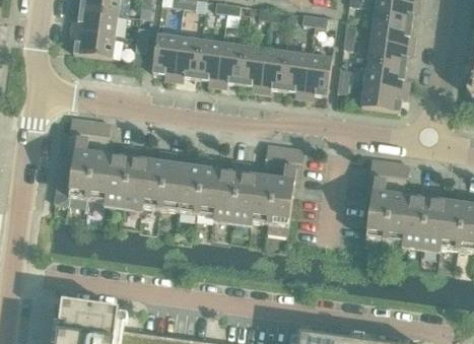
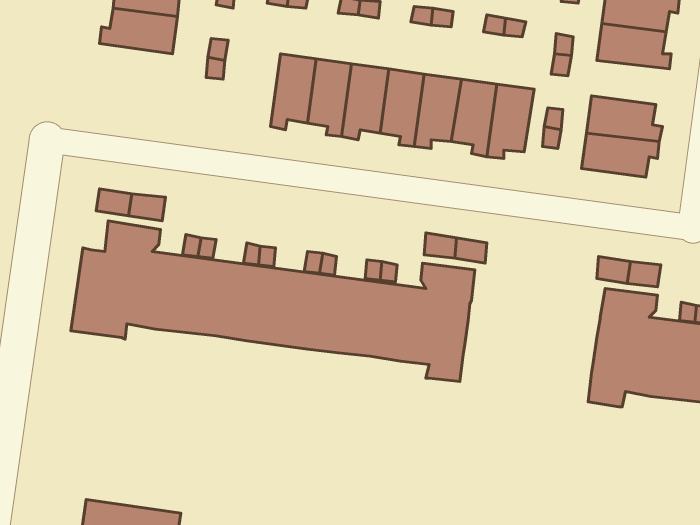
building: [69,28,115,56] -> none
building: [152,31,180,78] -> none
building: [366,39,413,65] -> none

